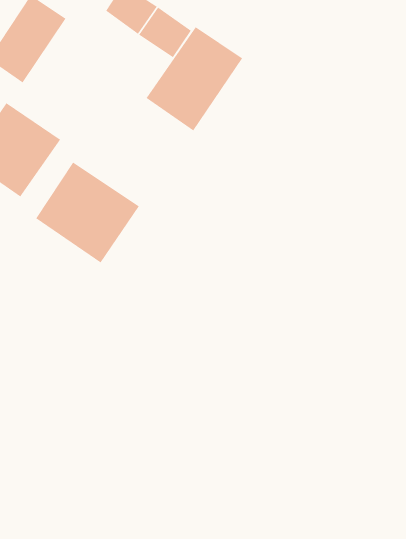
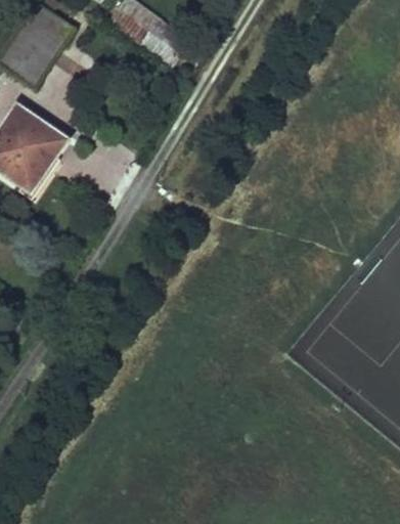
building: [145,26,243,131] -> none
building: [35,162,140,263] -> none

